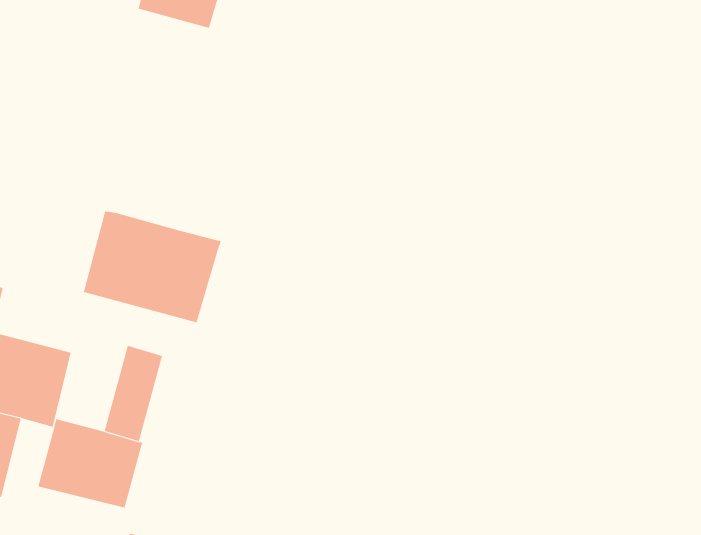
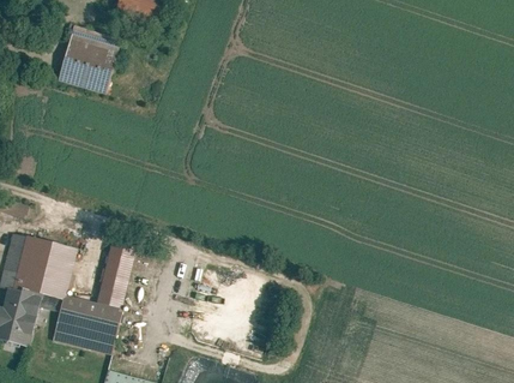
building: none -> [60,29,117,92]
building: [83,211,221,323] -> none

